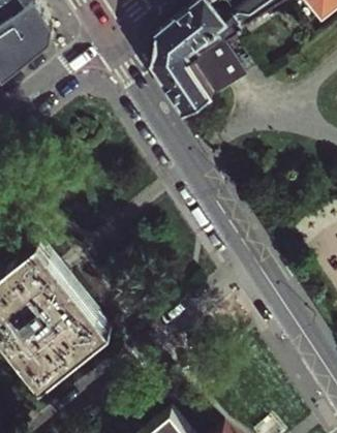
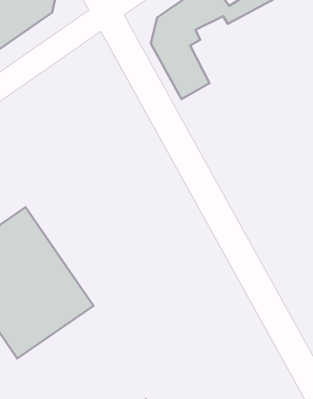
building: [188,44,241,100] -> none

